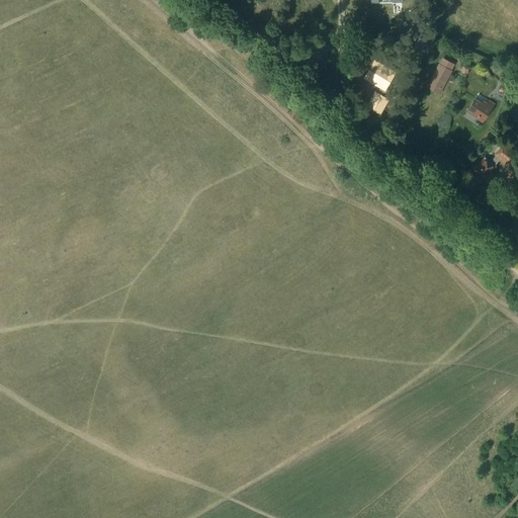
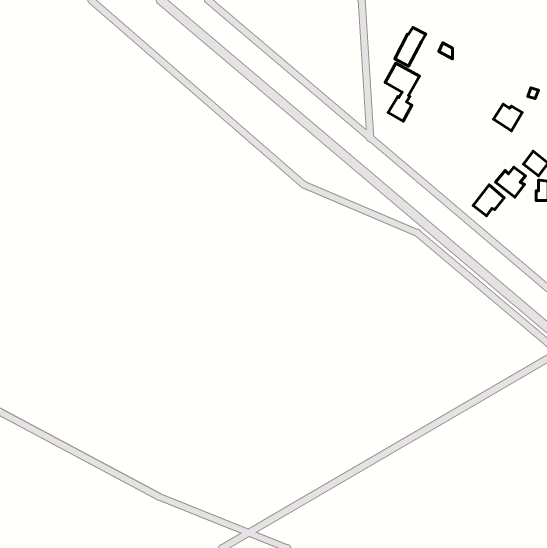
building: [427,58,456,94] -> [395,28,426,66]
building: none -> [473,185,504,216]

